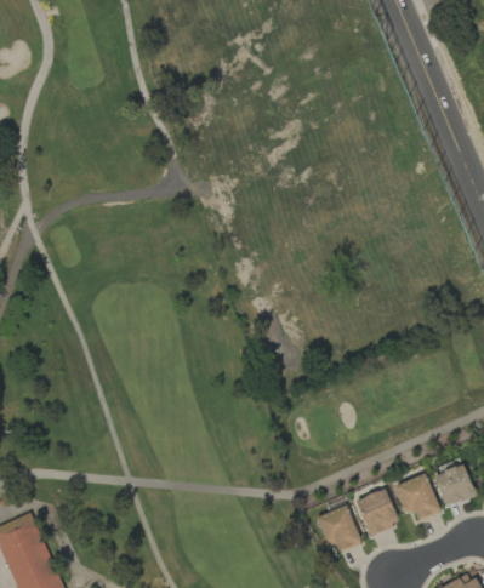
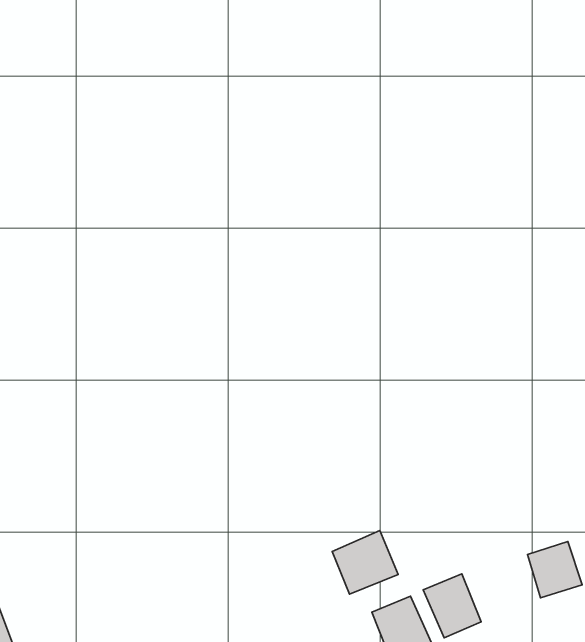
building: none -> [332,530,398,594]
building: [395,474,440,521] -> none

